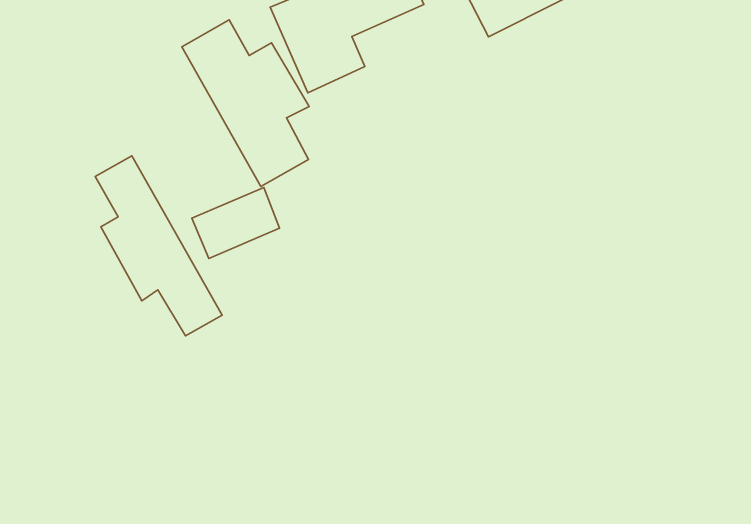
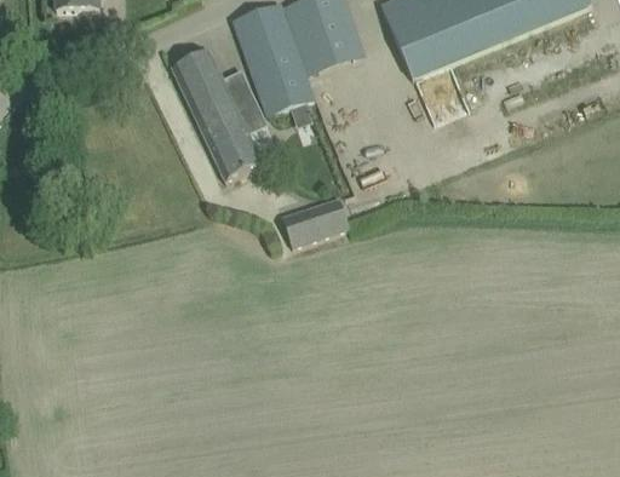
building: [95,156,222,336] -> none
building: [192,188,280,259] -> [281,195,349,247]

